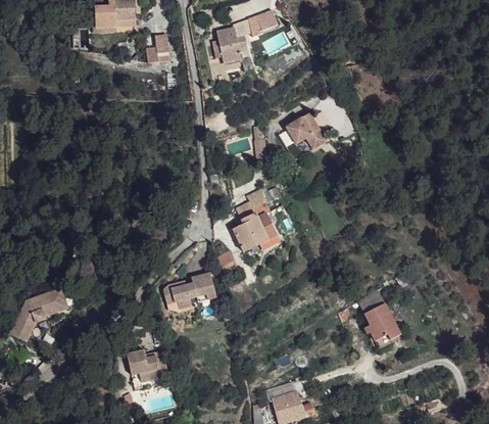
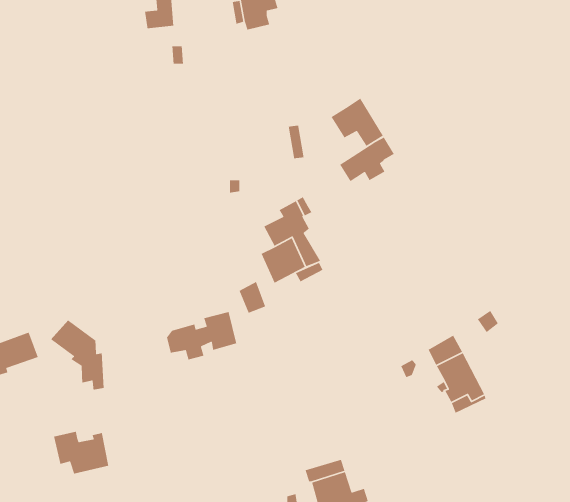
building: none -> [339,137,395,182]
building: none -> [50,319,104,391]
building: [127,349,168,382] -> [53,431,109,475]

